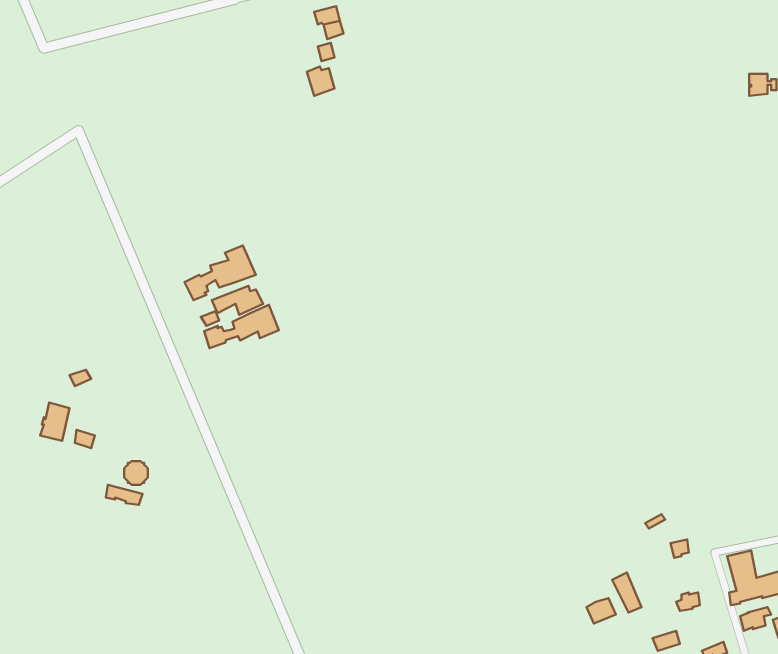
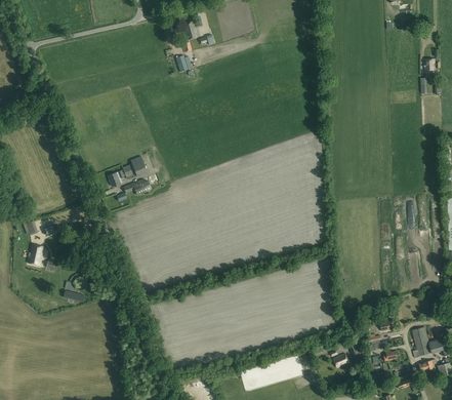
building: [204,305,279,348] -> none

